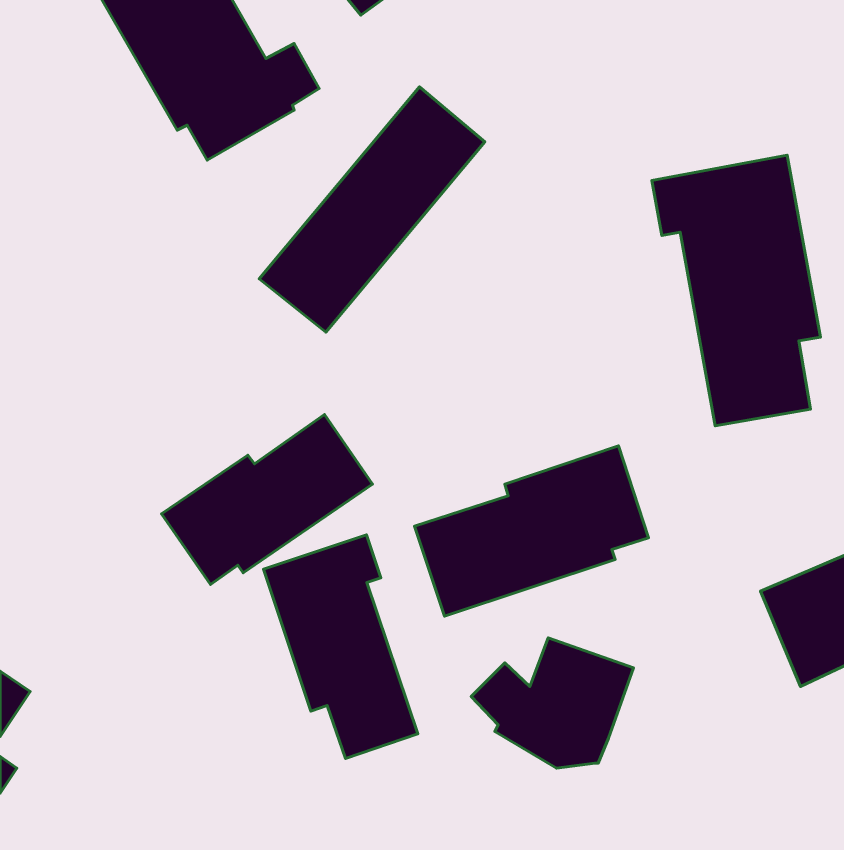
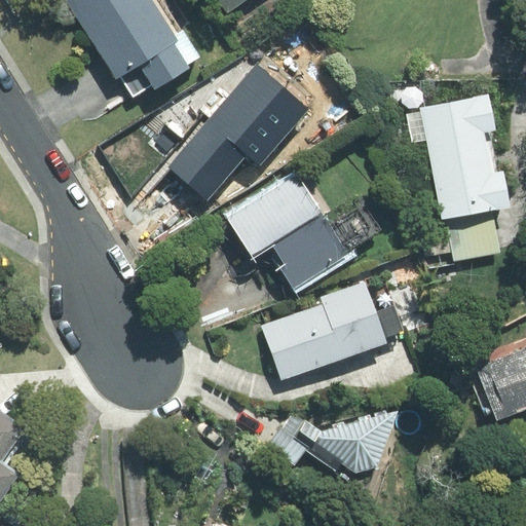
building: none -> [223,176,378,290]
building: [161,415,372,584] -> none
building: [263,535,418,758] -> none

